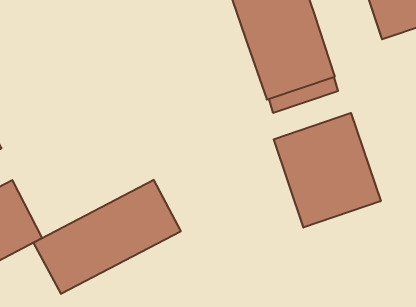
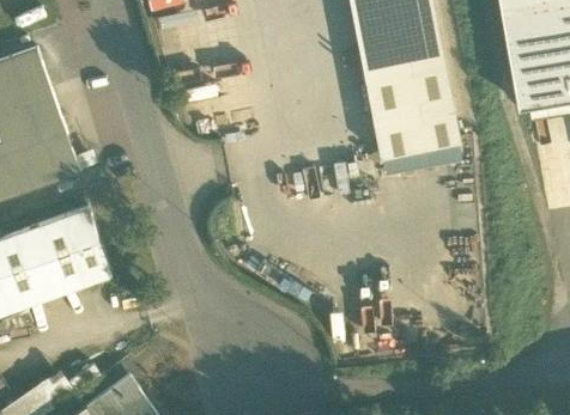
building: [274,113,381,228] -> none
building: [34,180,181,294] -> none

